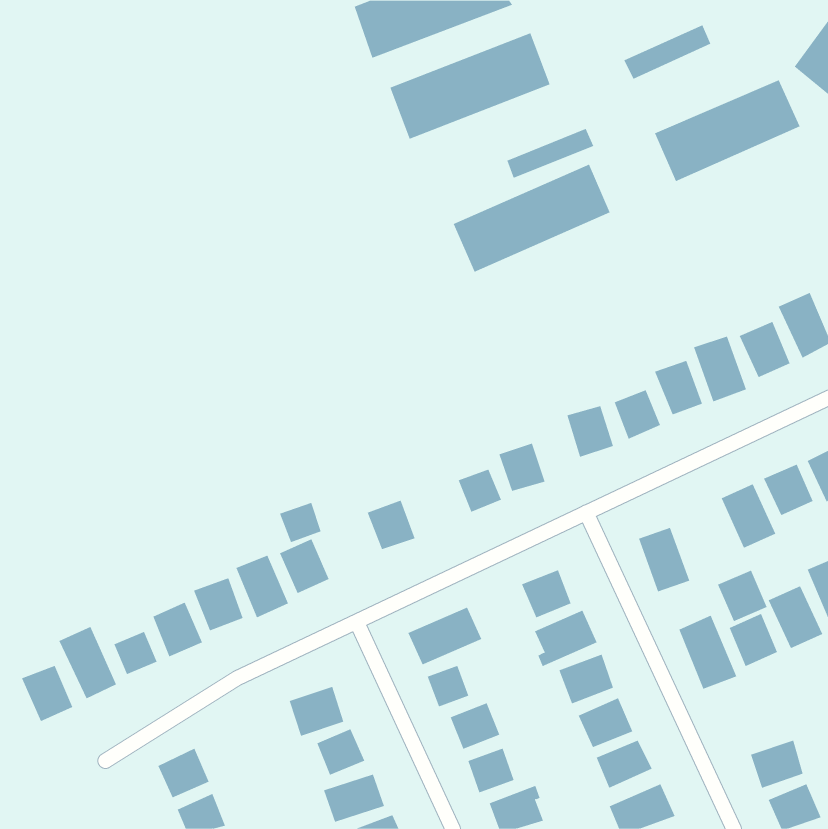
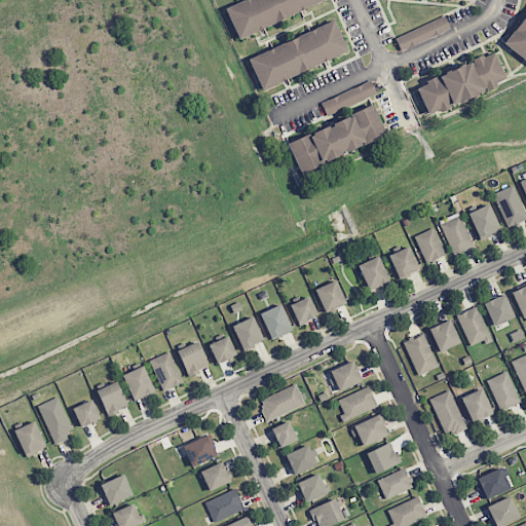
building: none -> [261,304,293,340]
building: [279,502,321,543] -> [210,337,236,363]
building: [717,570,768,622] -> [429,320,461,352]

